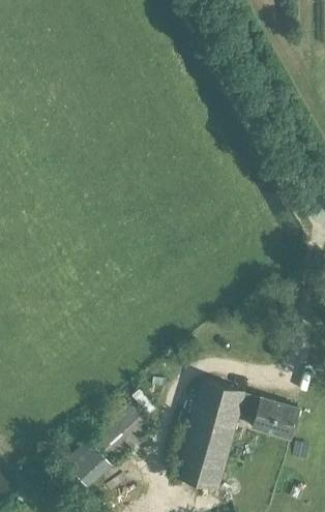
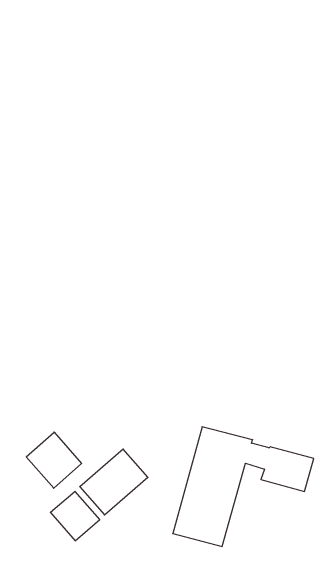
building: none -> [26,432,82,488]

